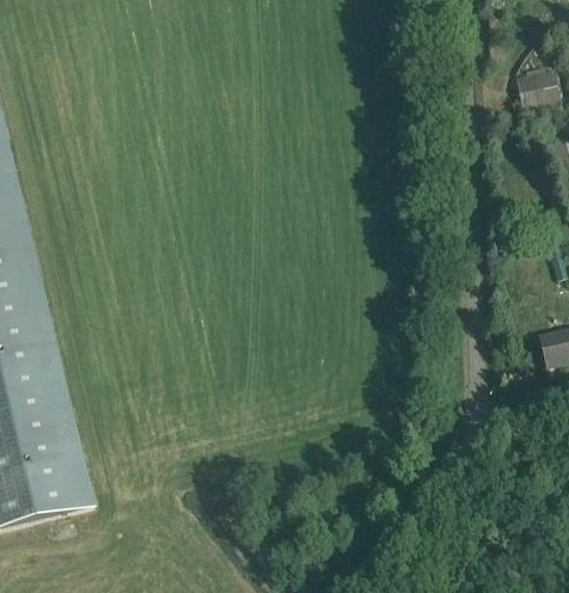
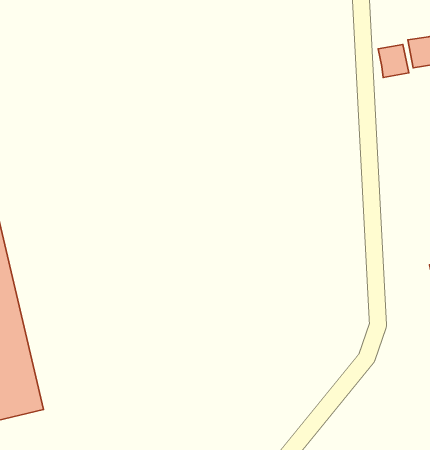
building: none -> [378,45,409,78]

